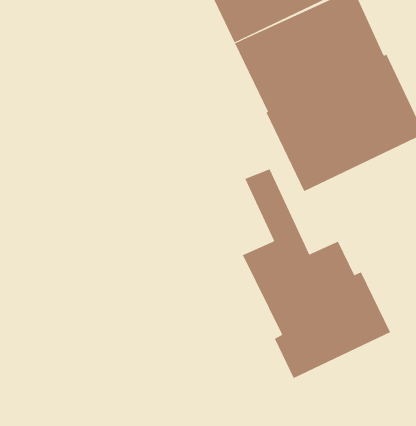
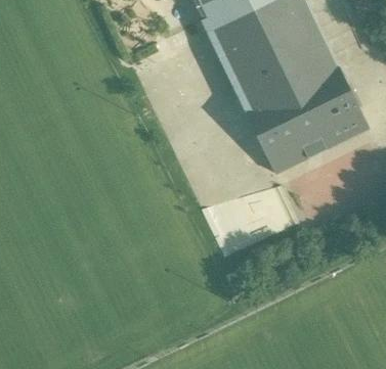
building: [242,169,391,379] -> none

